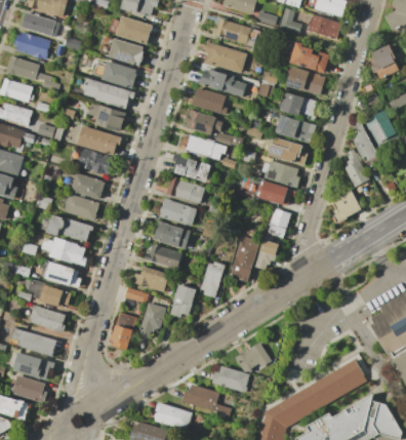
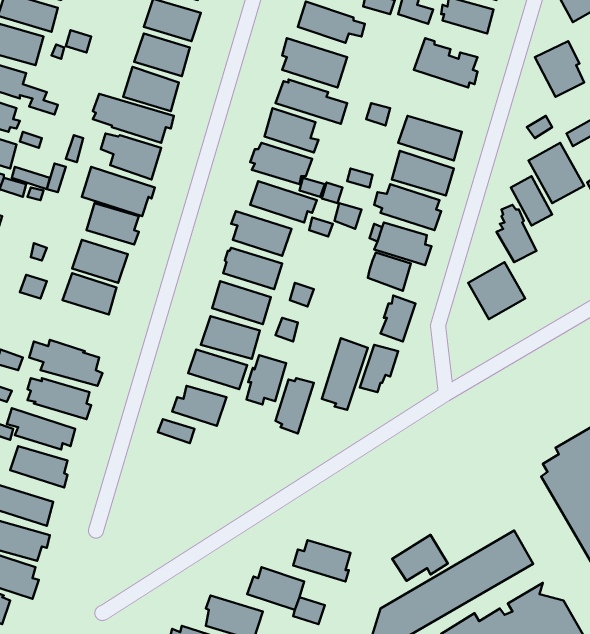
building: [285,66,325,95] -> none
building: [46,213,93,241] -> none
building: [170,284,196,316] -> [247,355,286,404]
building: [138,303,166,337] -> none
building: [111,312,136,349] -> none
building: [235,342,271,371] -> [392,535,448,581]

